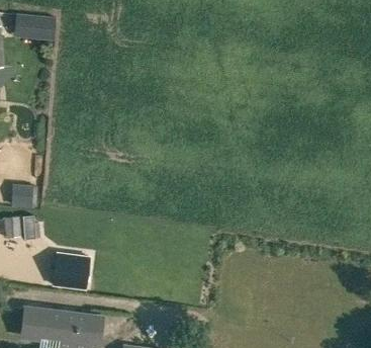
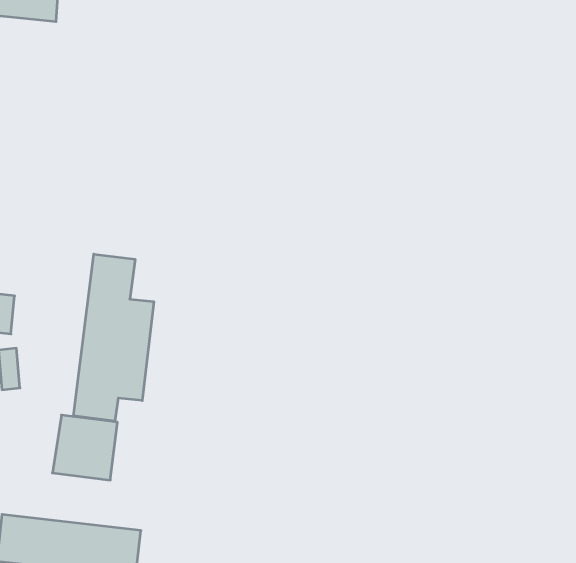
building: none -> [74,254,154,421]

